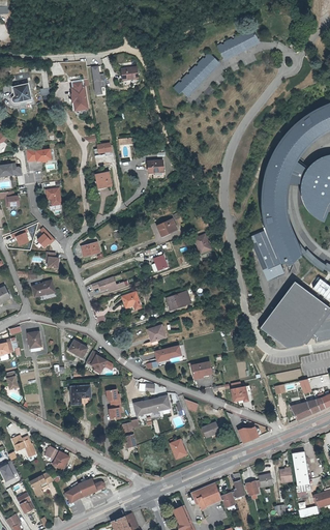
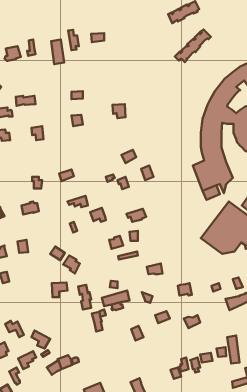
building: [173,53,218,94] -> [175,29,211,62]
building: [191,482,220,508] -> none

